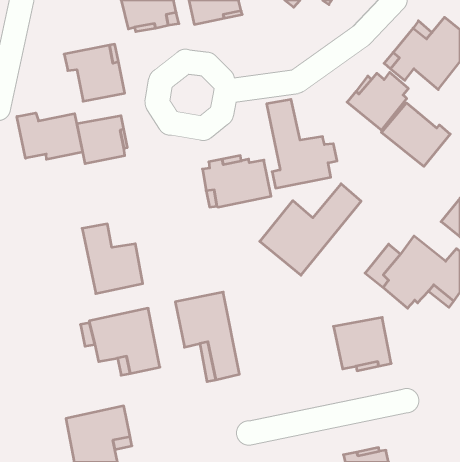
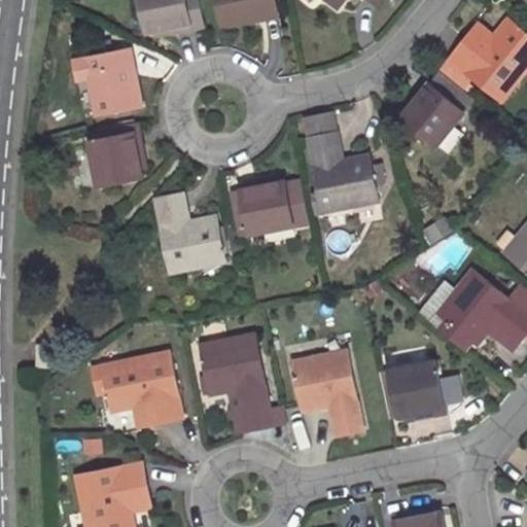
building: [381,103,450,166] -> none
building: [17,113,83,159] -> none
building: [260,184,361,275] -> none
building: [82,224,143,294] -> [154,194,223,273]
building: none -> [291,350,362,436]

